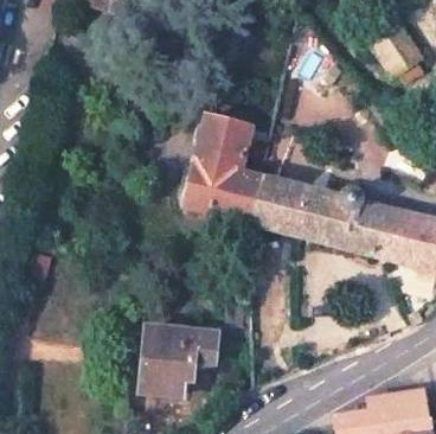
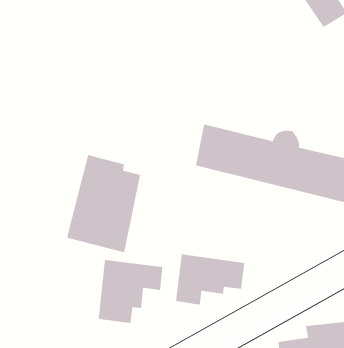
building: [185,115,268,224] -> [66,154,141,253]
building: none -> [175,253,245,305]

